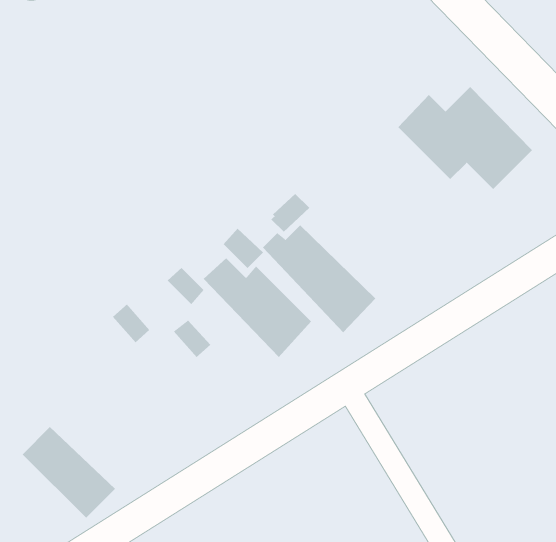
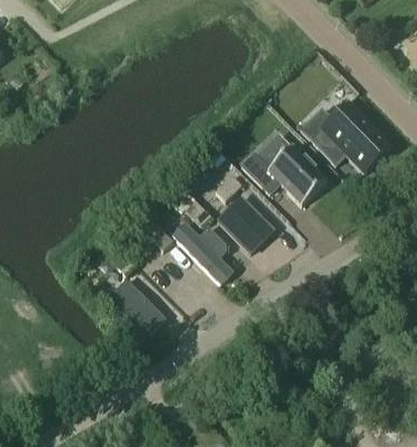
building: none -> [241,144,326,204]
building: [22,426,116,519] -> [103,274,166,336]

